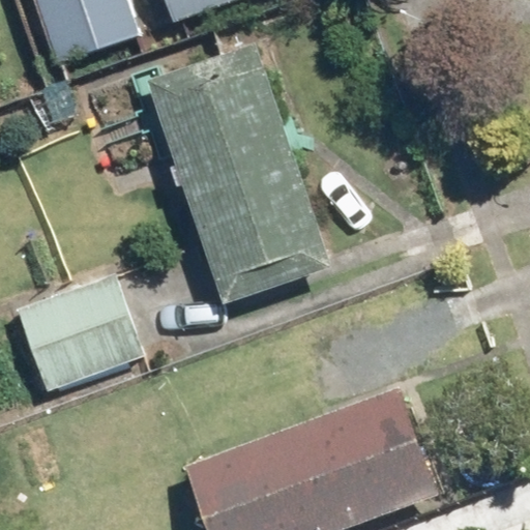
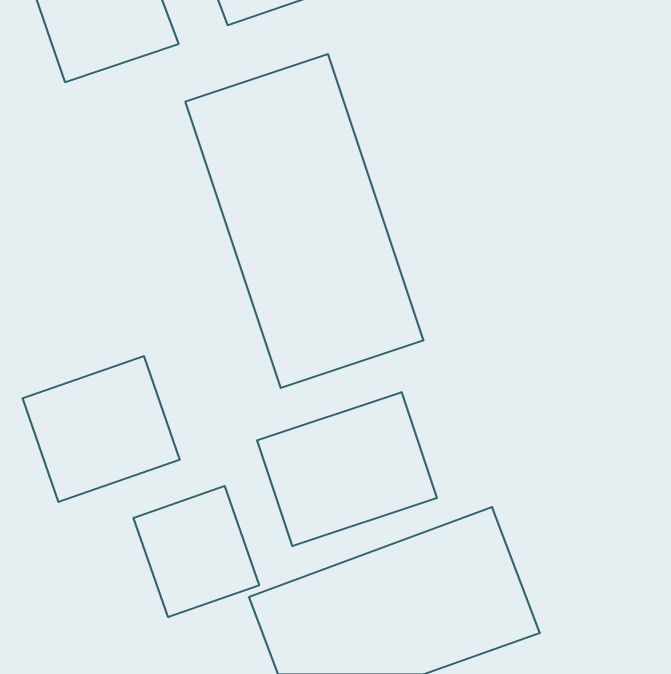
building: none -> [257,392,437,546]
building: none -> [134,486,259,617]

